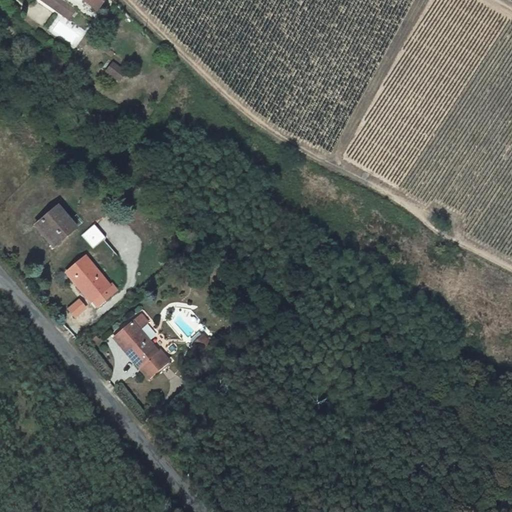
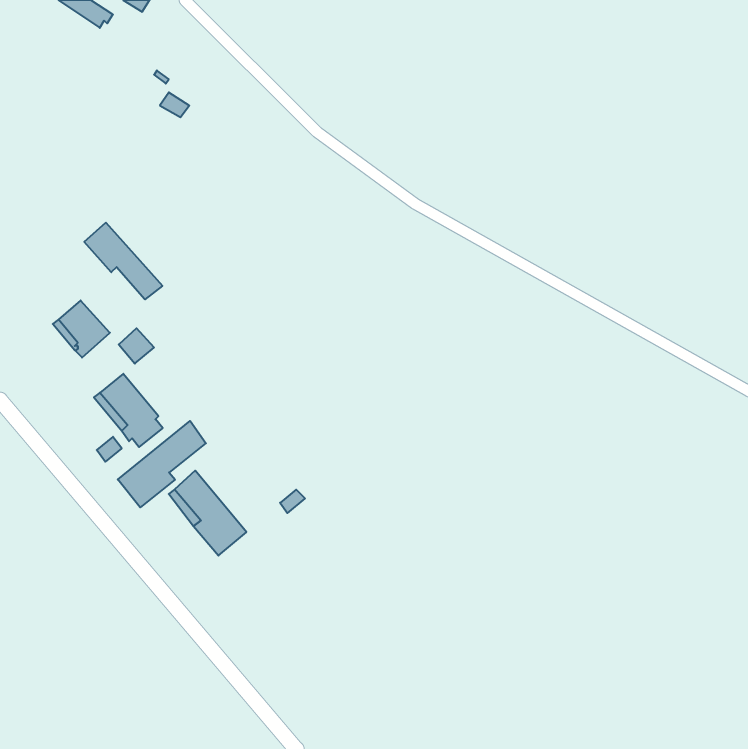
building: none -> [84,223,162,299]
building: none -> [118,421,206,507]

